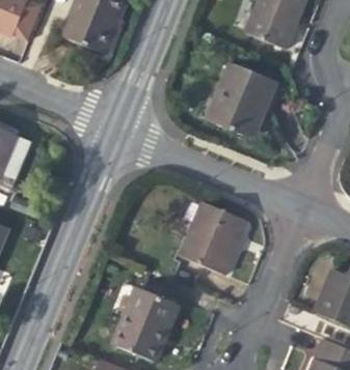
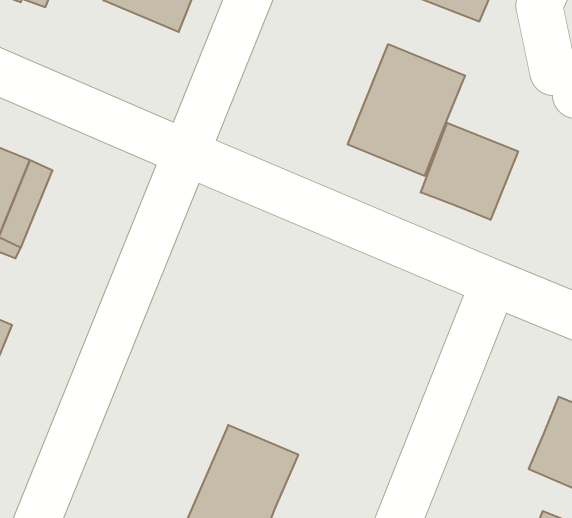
building: none -> [421,123,518,220]
building: [179,202,246,275] -> none

